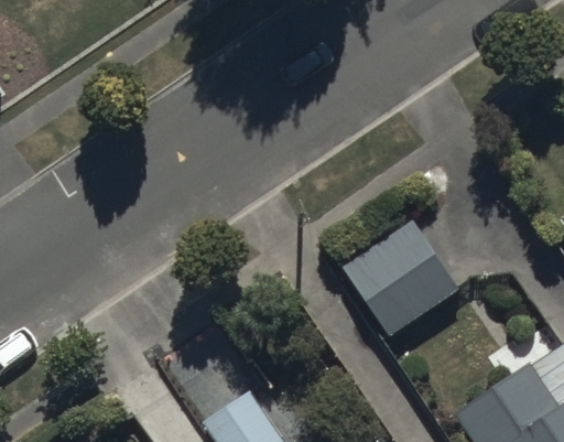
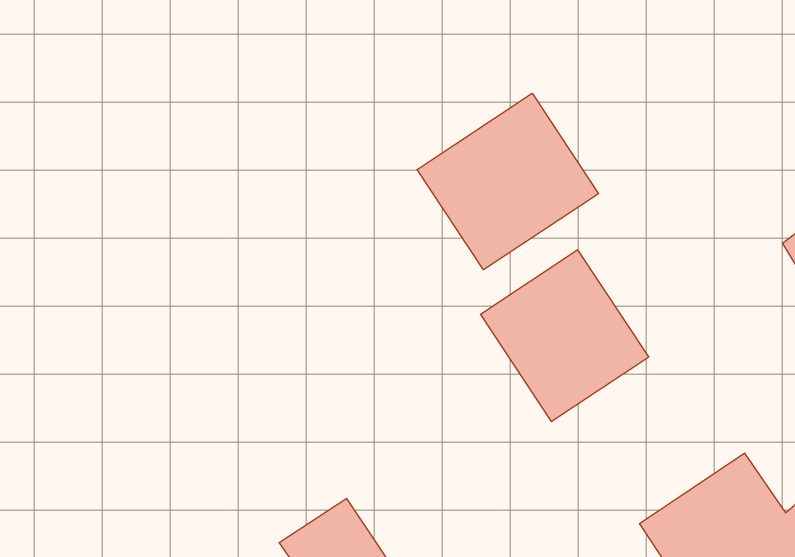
building: none -> [417,93,599,270]

